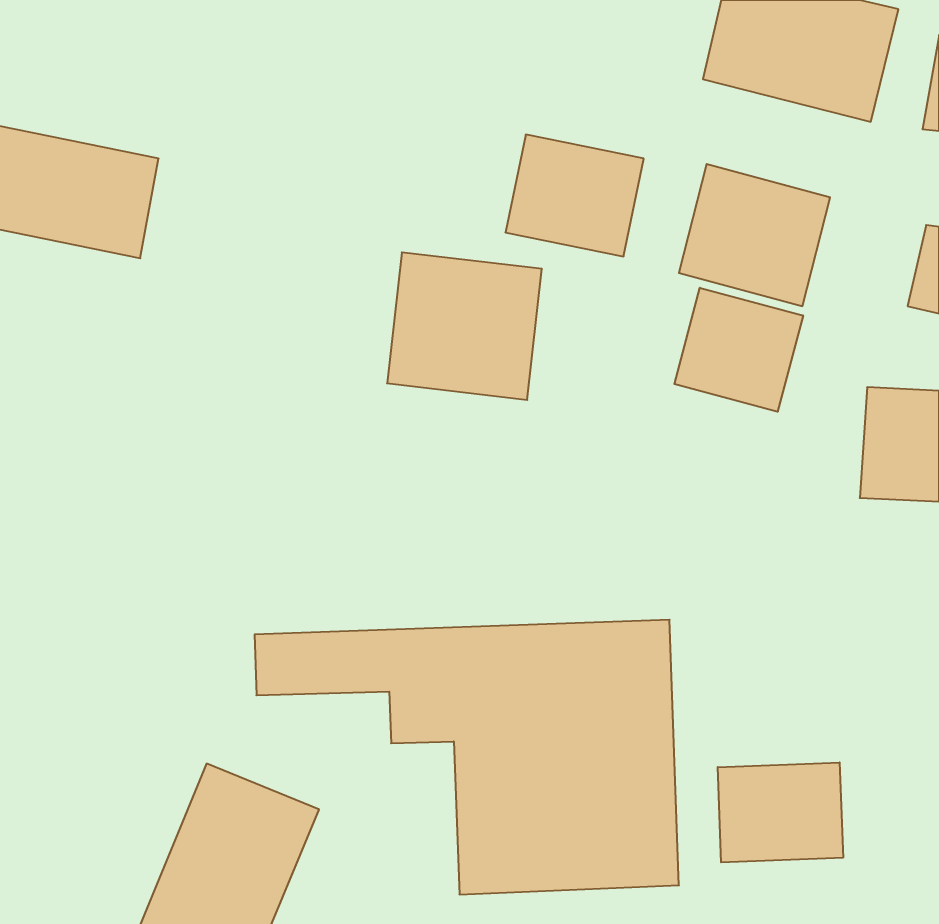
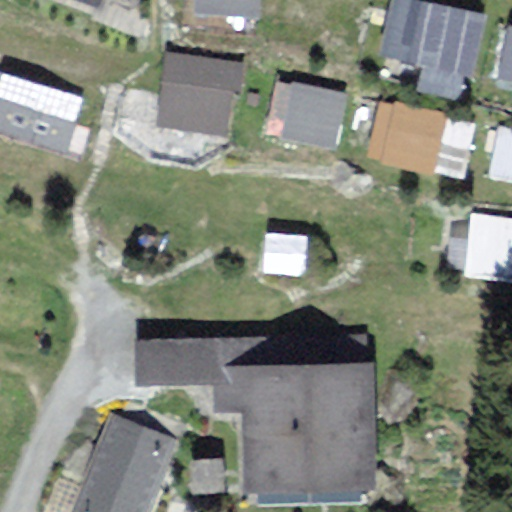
building: [387,252,542,400] -> [158,53,242,133]
building: [674,288,803,412] -> none
building: [718,762,843,862] -> none

